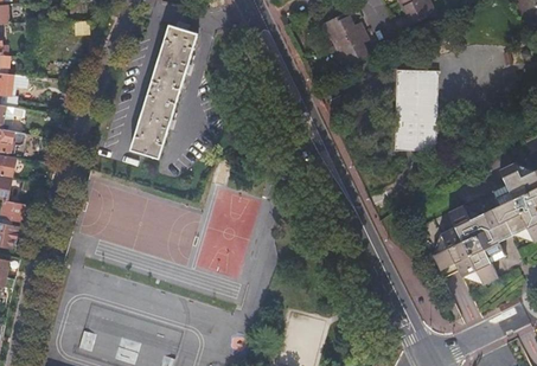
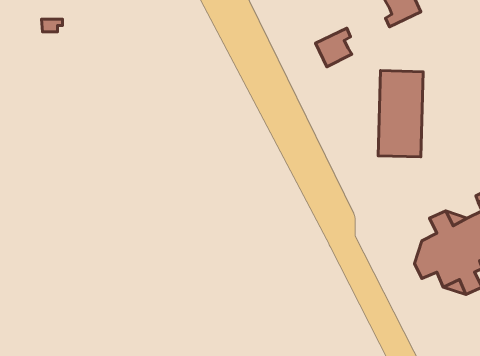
building: [324,11,364,45] -> none
building: [130,26,198,160] -> none

